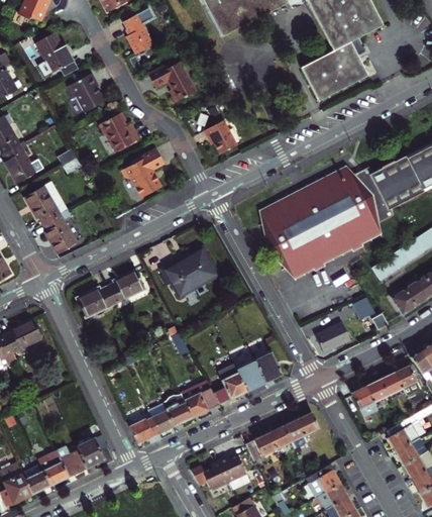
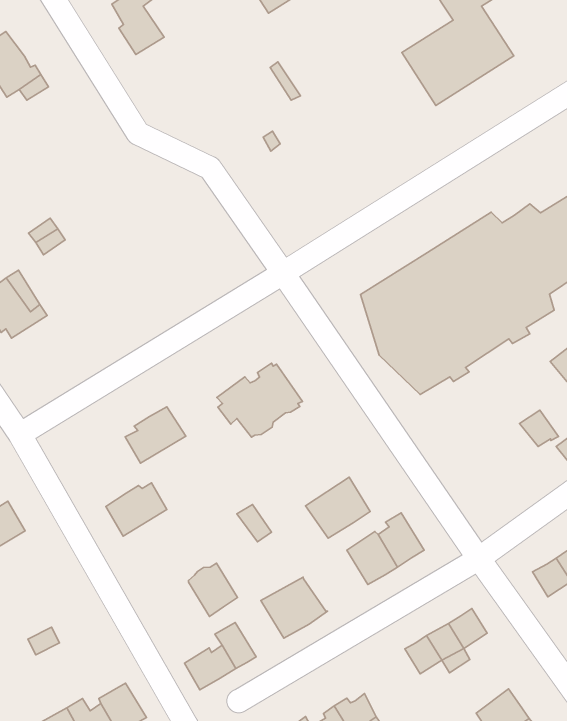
building: [149,61,197,101] -> none
building: [68,74,106,113] -> none
building: [100,113,140,151] -> none
building: [204,121,235,153] -> none
building: [120,147,164,197] -> none
building: [42,209,75,251] -> none
building: [78,288,115,319] -> [106,483,167,536]
building: [317,320,353,350] -> none
building: [209,370,248,406] -> [306,477,370,538]
building: [165,398,194,430] -> [188,563,237,616]
building: [245,433,276,466] -> none

